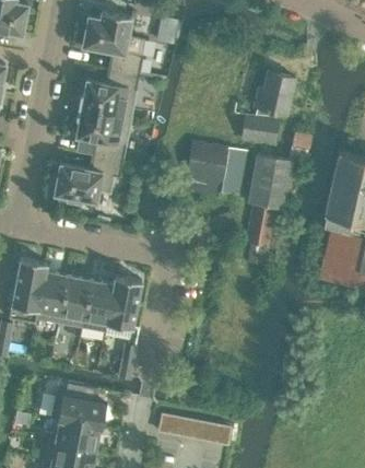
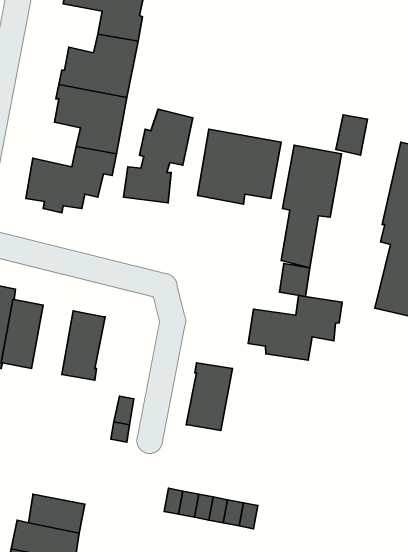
building: [243,70,295,141] -> [124,109,193,203]
building: none -> [248,295,342,360]
building: [59,274,91,327] -> none
building: [107,276,142,327] -> [186,363,232,431]
building: [51,383,105,425] -> none

